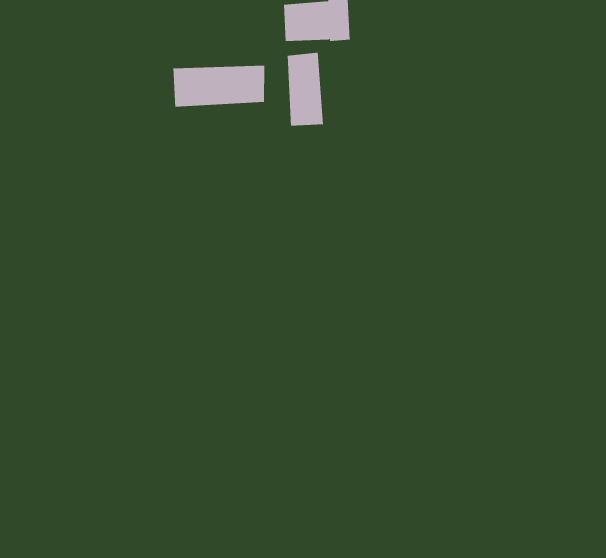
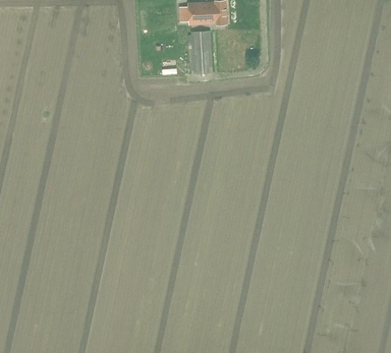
building: [173,65,265,107] -> none

